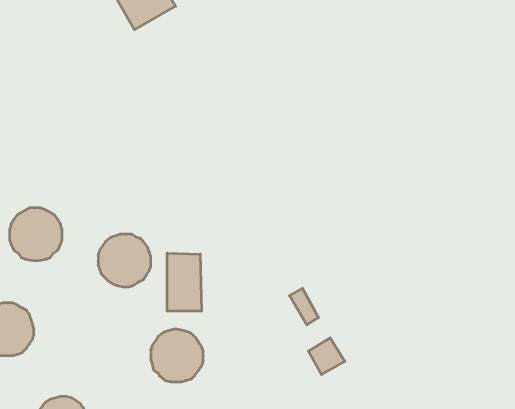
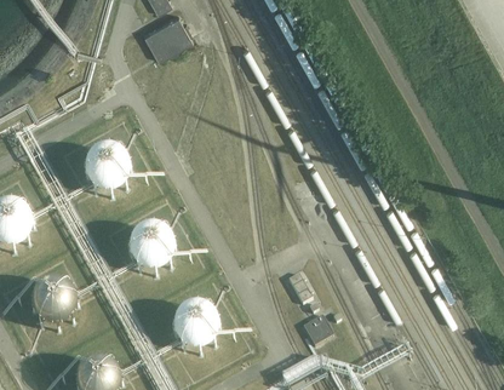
building: [10,208,62,261] -> [80,149,124,193]
building: [167,253,202,311] -> none

